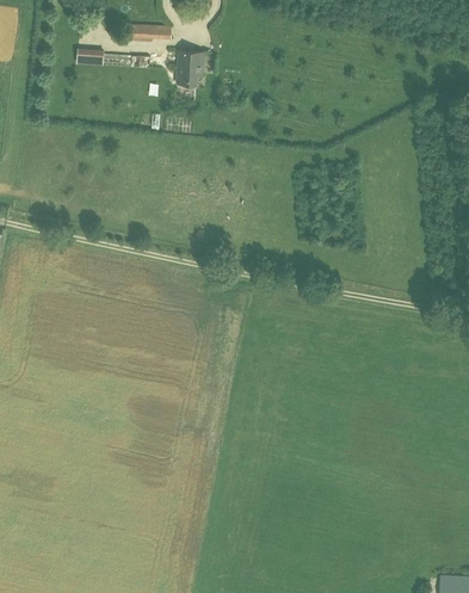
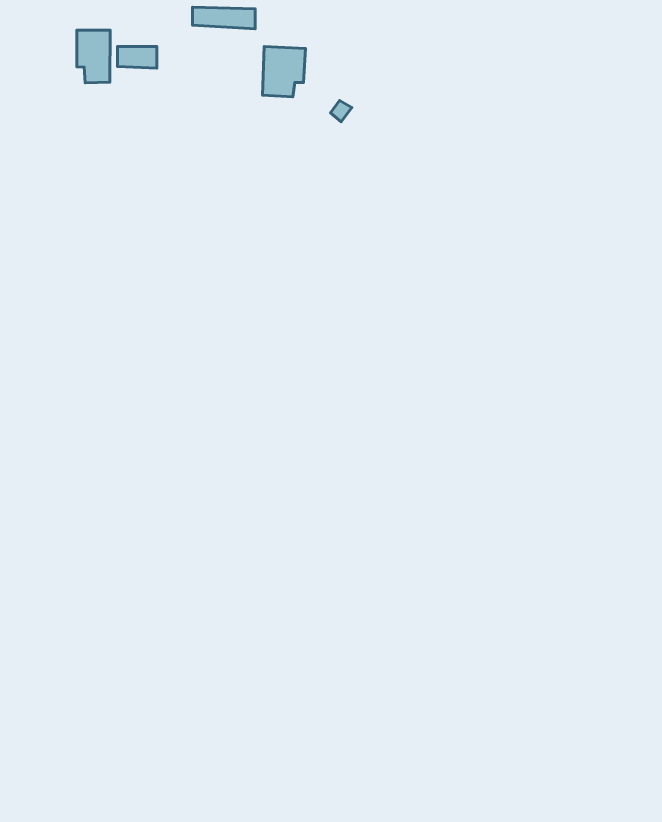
building: none -> [77,30,110,83]

